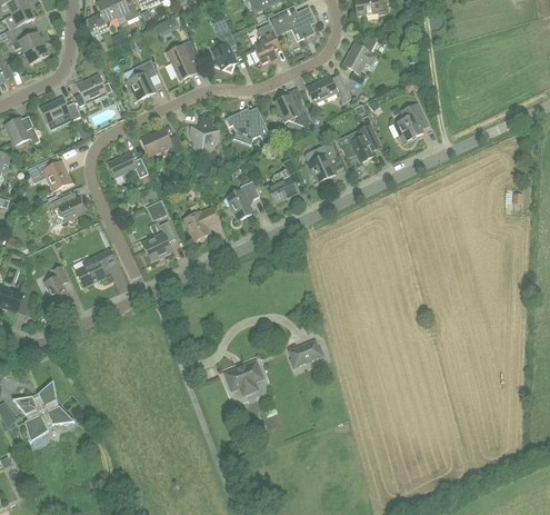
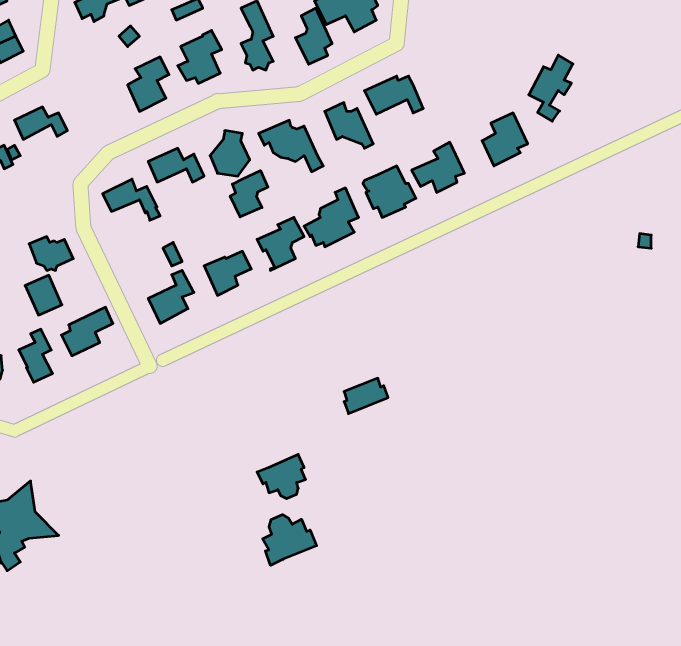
building: [342,33,376,83] -> [529,55,573,121]
building: [73,73,106,105] -> none
building: none -> [230,171,268,217]
building: [43,159,71,189] -> [25,275,62,315]
building: [289,339,322,366] -> [344,378,388,414]
building: none -> [263,515,317,565]

